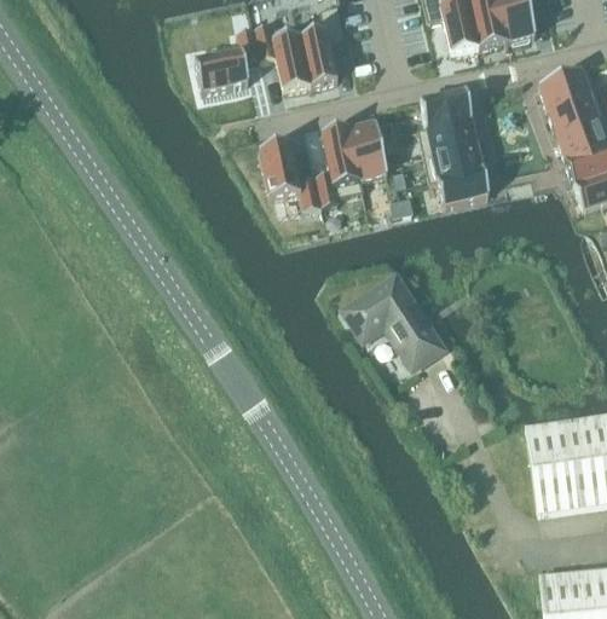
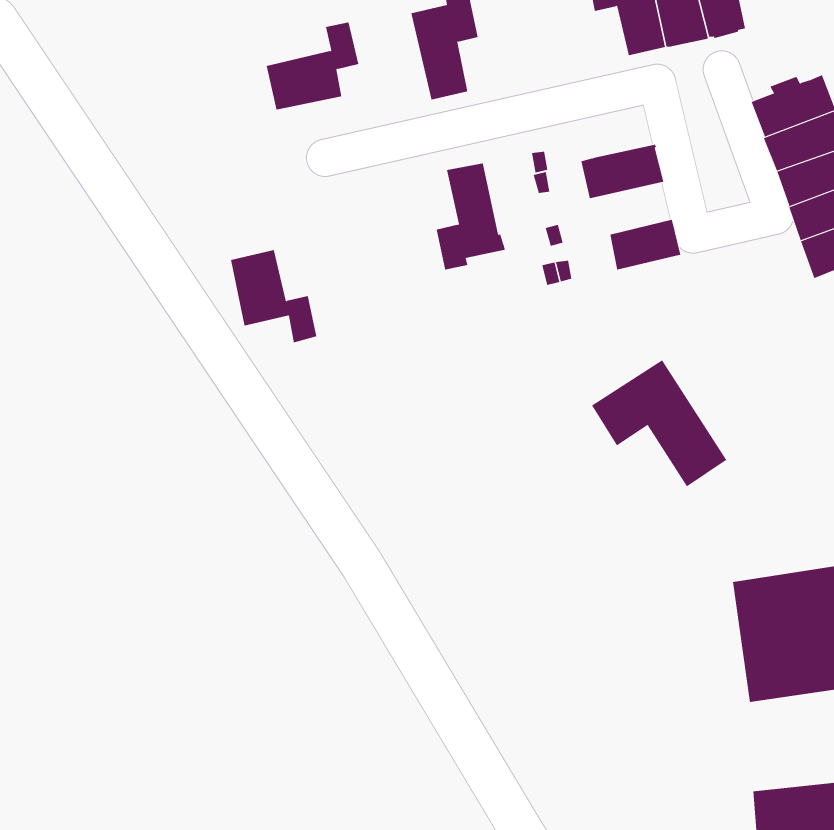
building: [254,23,312,91] -> none
building: [421,91,472,126] -> none
building: [349,123,388,180] -> none
building: [424,143,484,181] -> none
building: [260,144,322,210] -> [230,250,317,343]
building: [346,277,443,368] -> [591,359,727,487]

